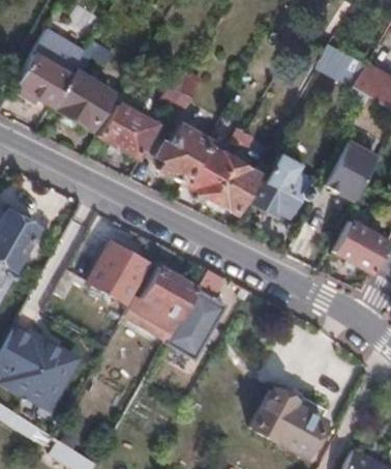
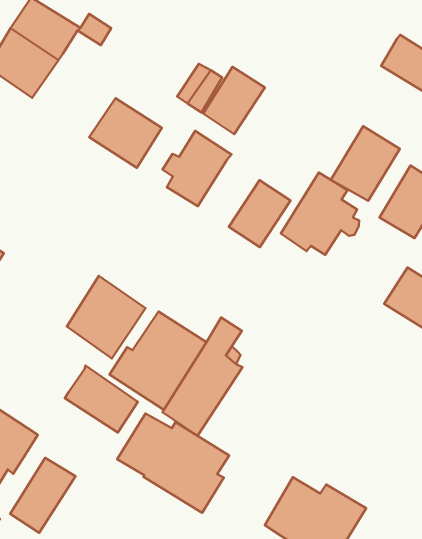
building: [54,71,113,128] -> none
building: none -> [331,126,400,201]
building: [186,146,233,198] -> [203,67,265,134]
building: none -> [65,366,138,433]
building: none -> [117,413,229,513]
building: none -> [10,458,76,533]

